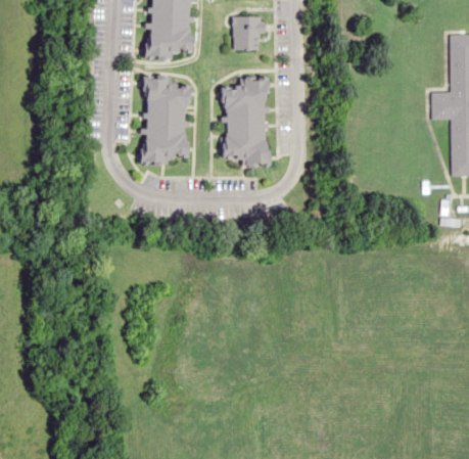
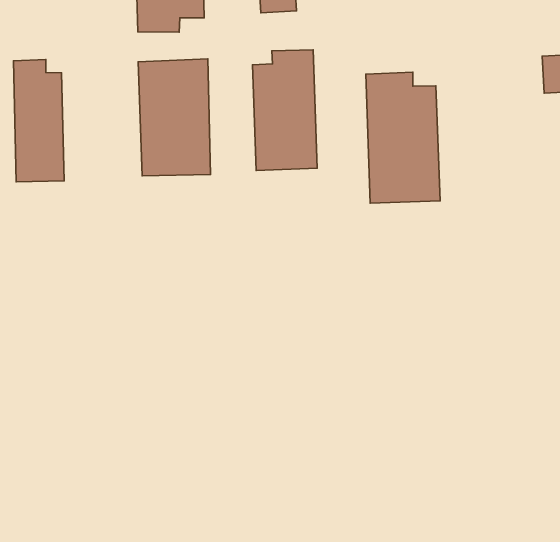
building: none -> [13,60,64,182]
building: none -> [366,72,440,203]

